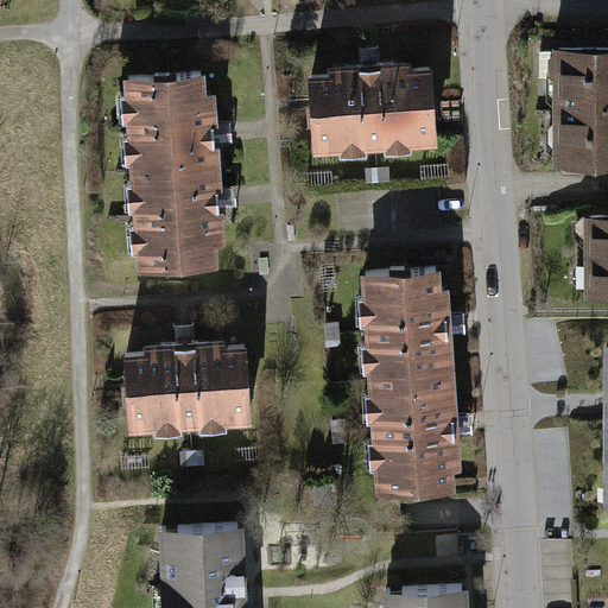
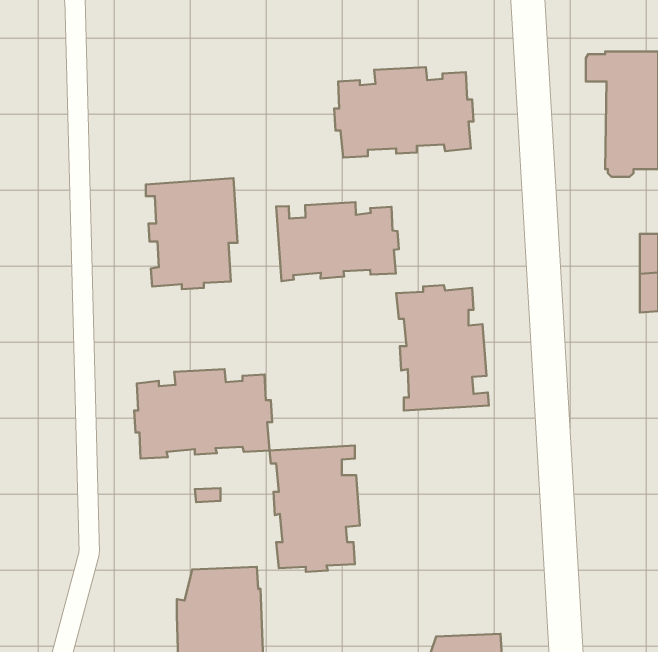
building: [127,75,215,177] -> none
building: none -> [276,202,399,281]
building: [372,380,455,496] -> [270,445,360,572]

